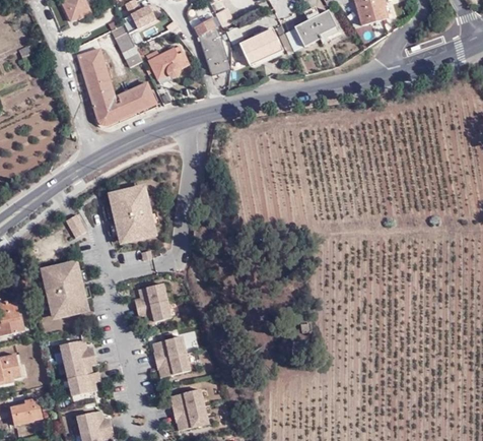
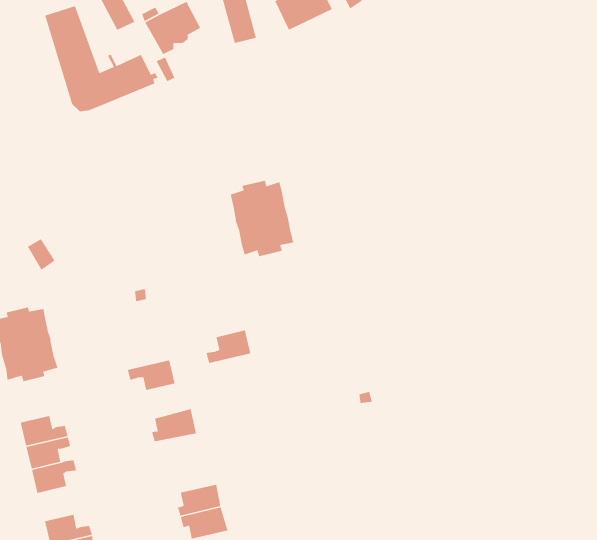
building: [109,186,154,241] -> [230,180,294,257]
building: [134,282,166,307] -> [206,330,251,364]
building: [155,353,190,376] -> none

